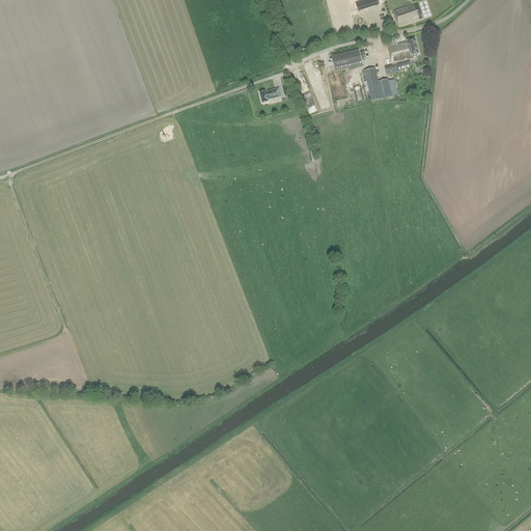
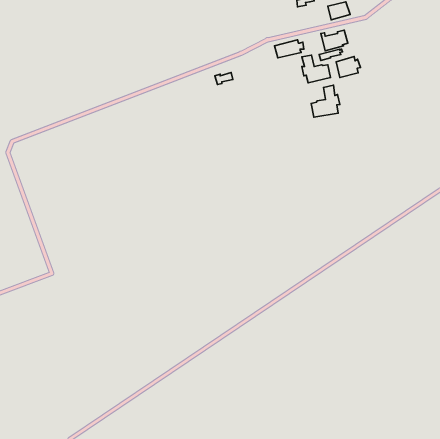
building: none -> [336,56,360,78]
building: none -> [311,85,340,117]

